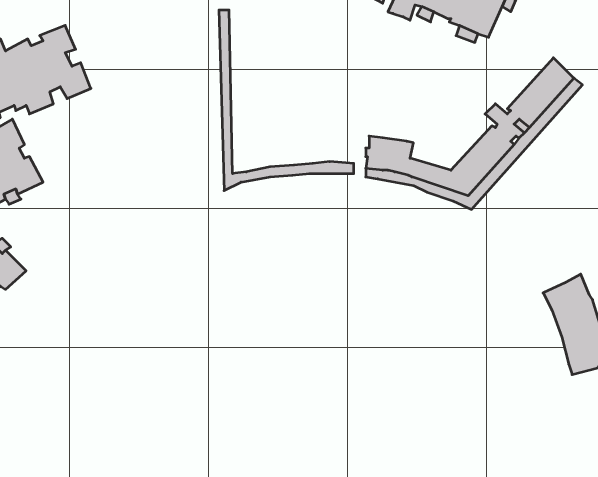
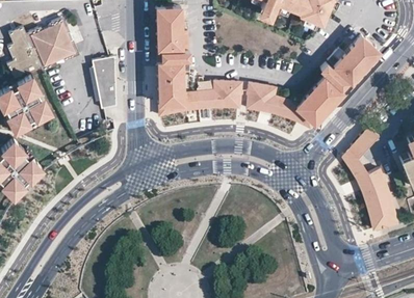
building: none -> [164,7,242,107]
building: none -> [92,56,117,109]
building: none -> [343,126,379,180]

